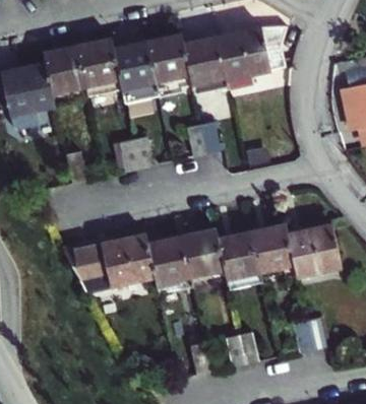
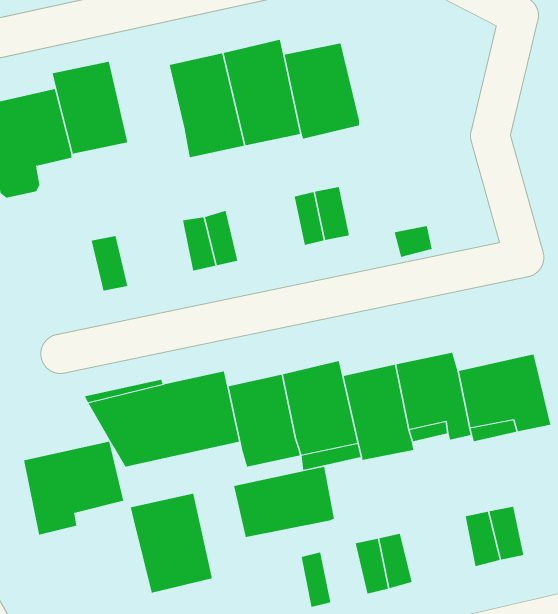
building: [218,23,289,82] -> none
building: [78,40,123,95] -> none
building: none -> [23,441,124,535]
building: none -> [234,466,335,538]
building: none -> [130,493,212,594]

